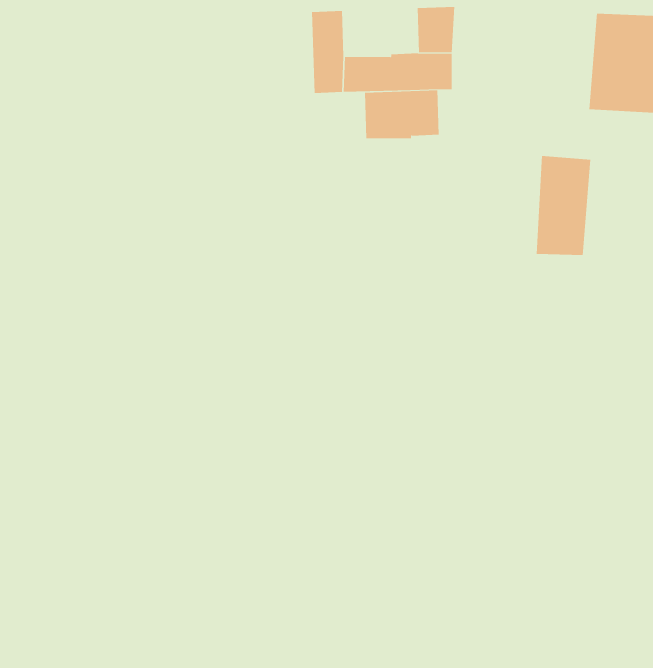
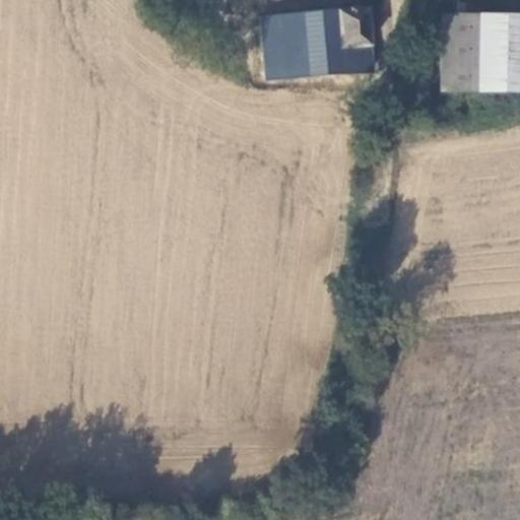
building: [364,90,439,139] -> [280,10,338,48]
building: [536,155,591,256] -> [433,11,475,88]

